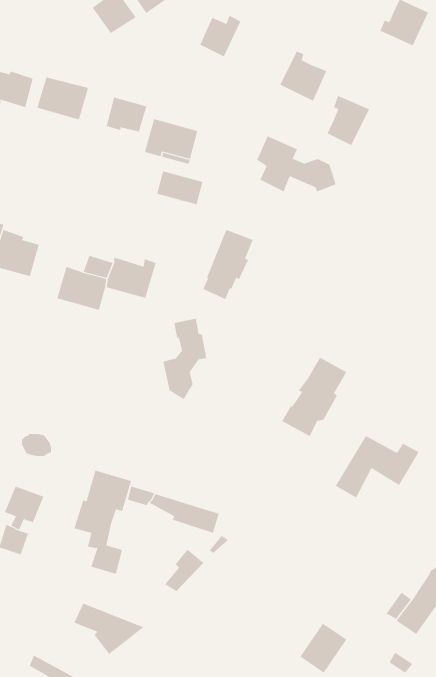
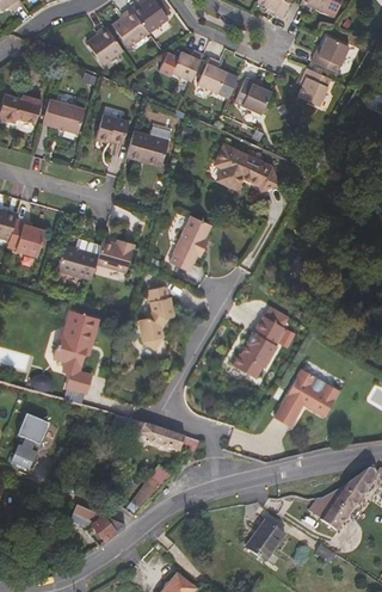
building: none -> [195,56,223,93]
building: [327,95,370,146] -> [296,67,329,106]
building: [157,171,203,205] -> none
building: [73,470,132,575] -> [54,313,99,394]

